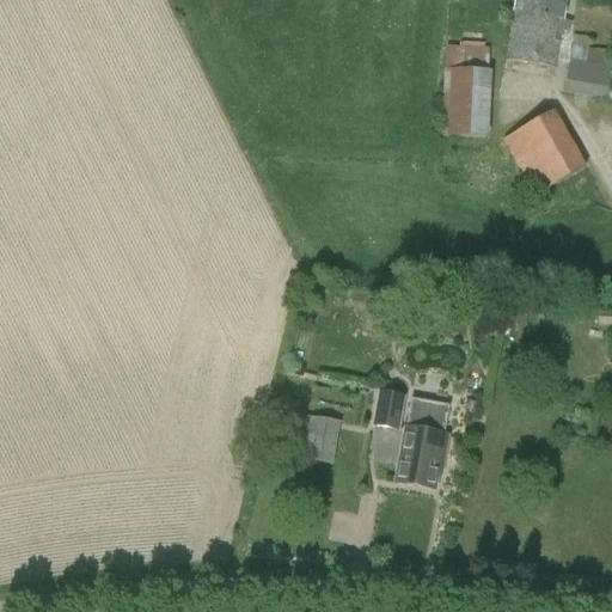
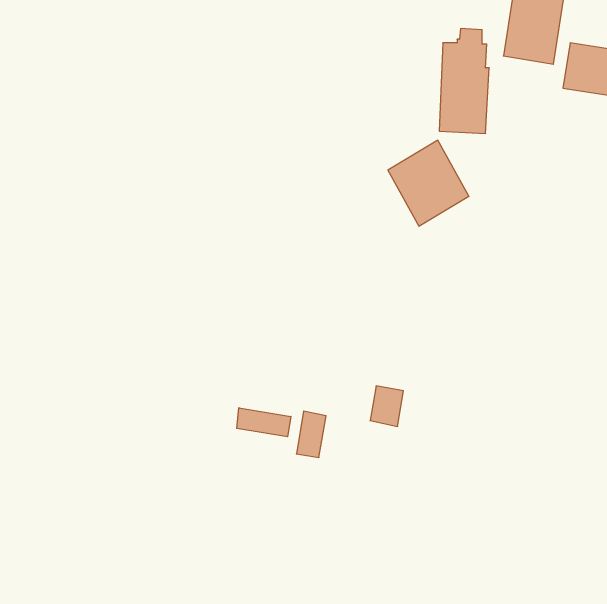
building: [504,106,586,192] -> [388,140,469,226]
building: [398,394,451,486] -> none
building: none -> [237,408,291,437]

